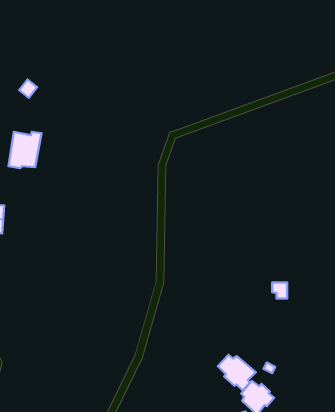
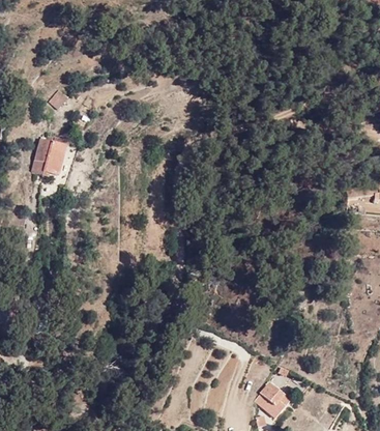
building: [218,355,256,390] -> none

